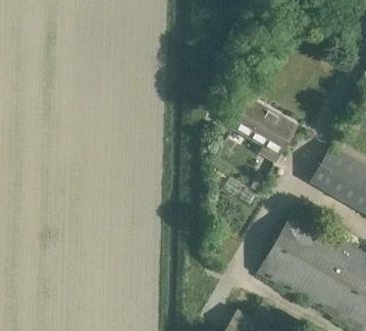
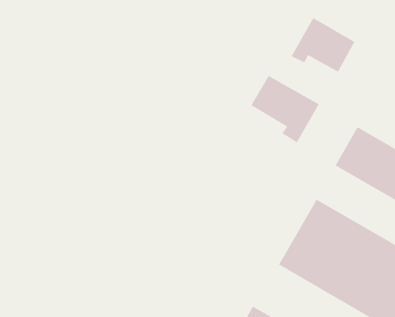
building: none -> [291,17,355,72]

